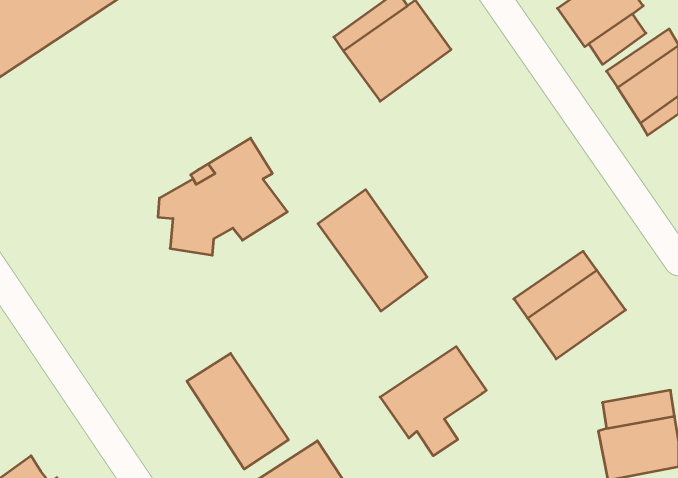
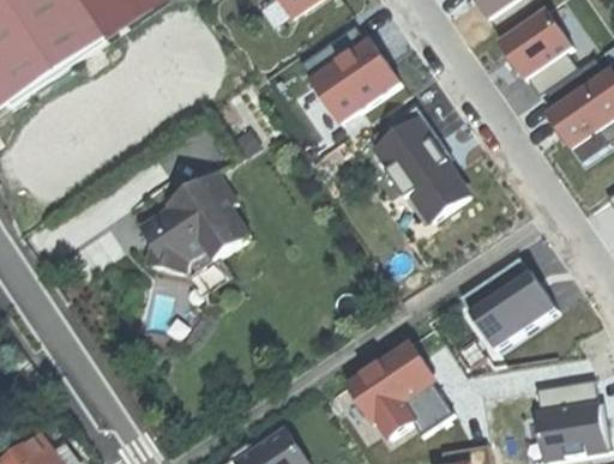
building: [318,190,427,311] -> [374,115,470,222]
building: [187,353,288,469] -> none
building: none -> [398,381,451,433]

